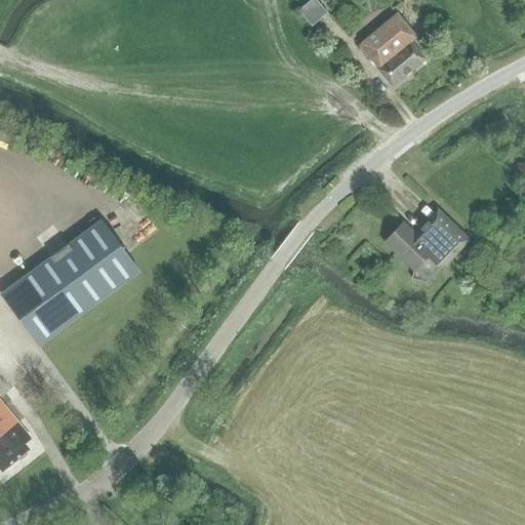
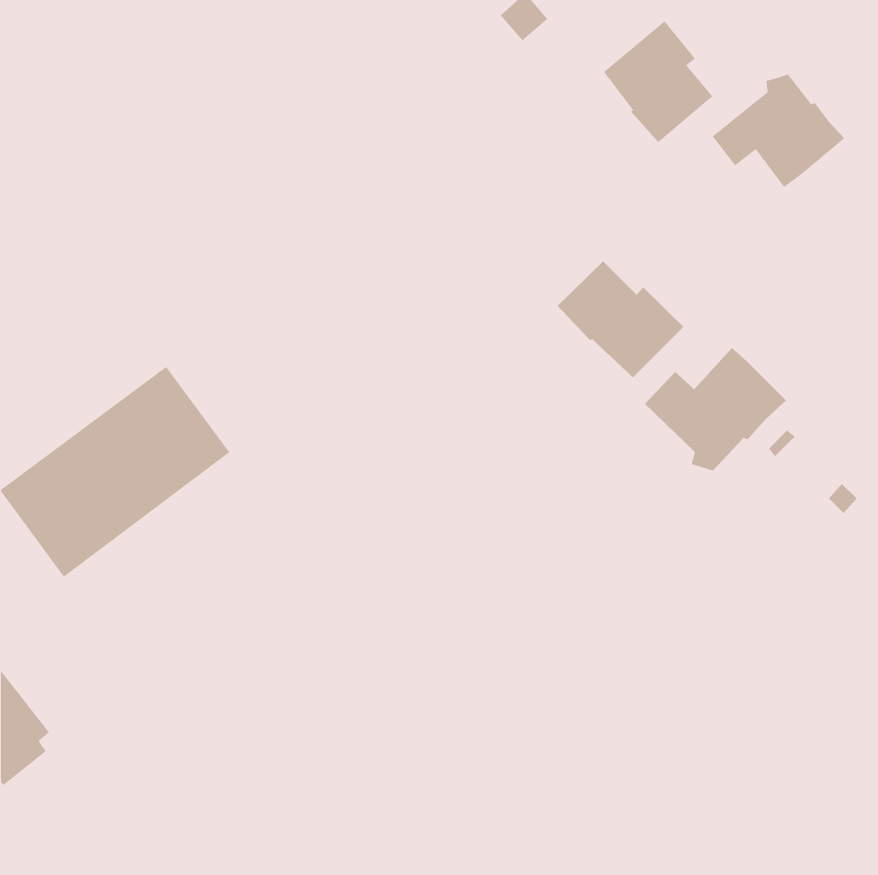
building: none -> [712,74,845,188]
building: none -> [557,260,684,378]

